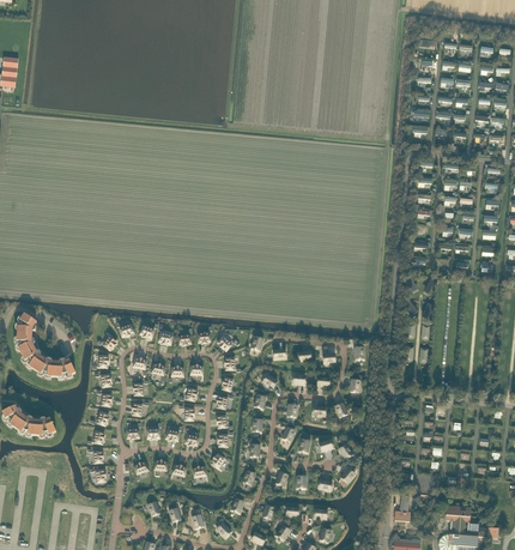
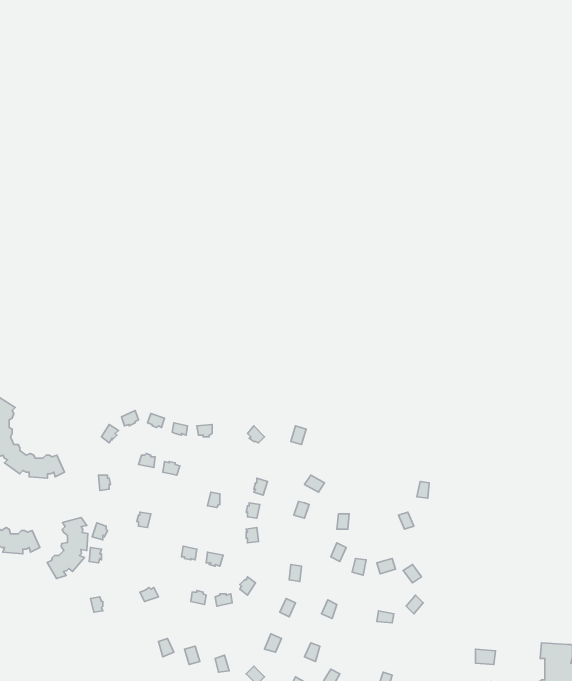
building: none -> [47,518,88,578]

